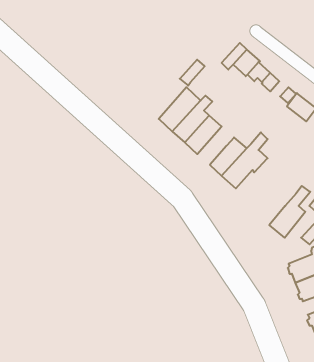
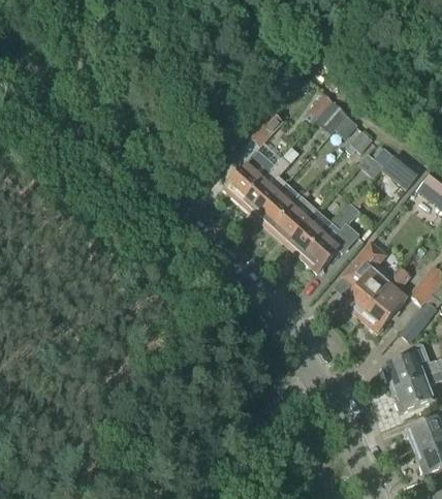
building: none -> [272,195,317,243]
building: none -> [343,244,393,317]

